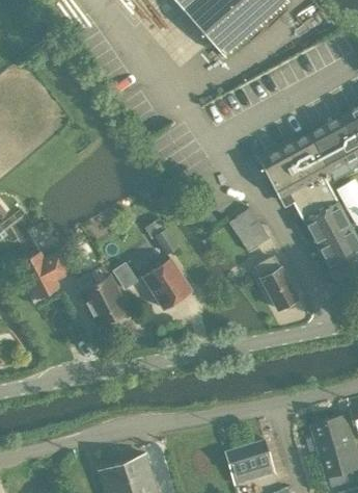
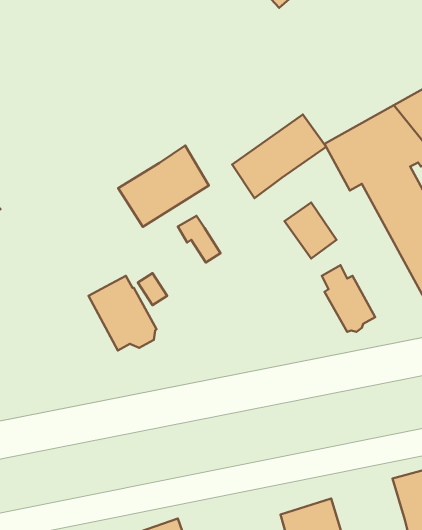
building: none -> [232,114,326,198]
building: none -> [118,146,209,227]
building: [20,251,70,297] -> none
building: [144,257,192,308] -> none

